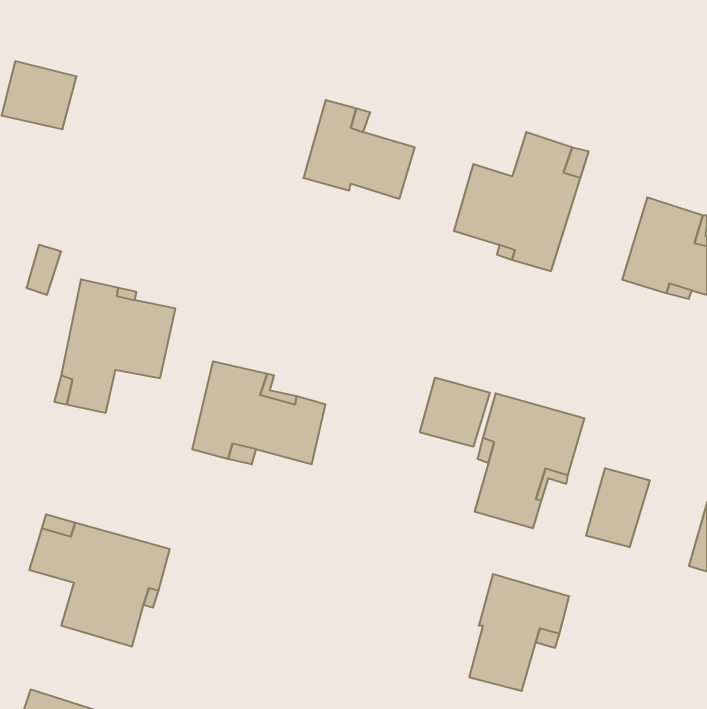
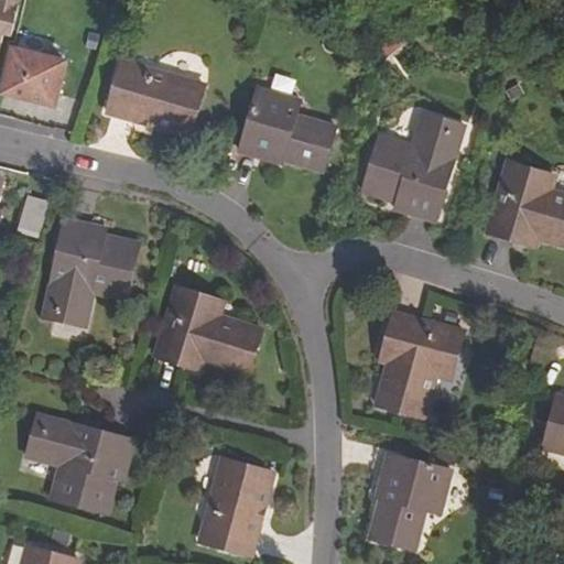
building: none -> [105,59,203,132]
building: [420,378,490,447] -> none
building: [586,468,650,547] -> none
building: none -> [197,465,271,556]

